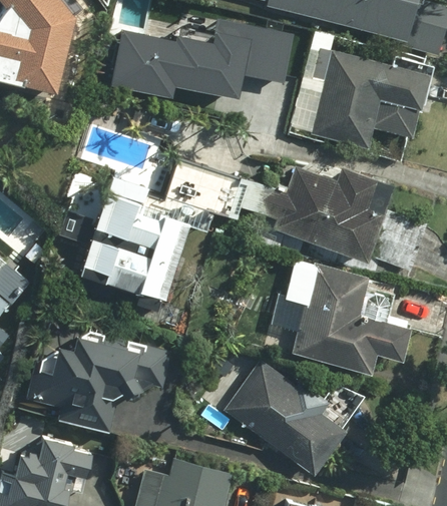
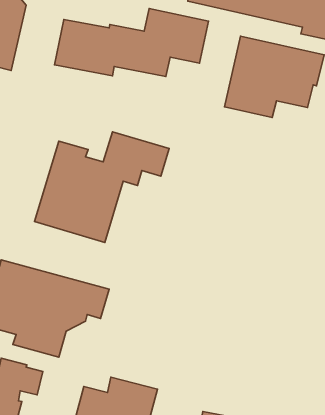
building: [274,167,392,259] -> none
building: [292,263,411,371] -> none
building: [225,364,344,475] -> none

